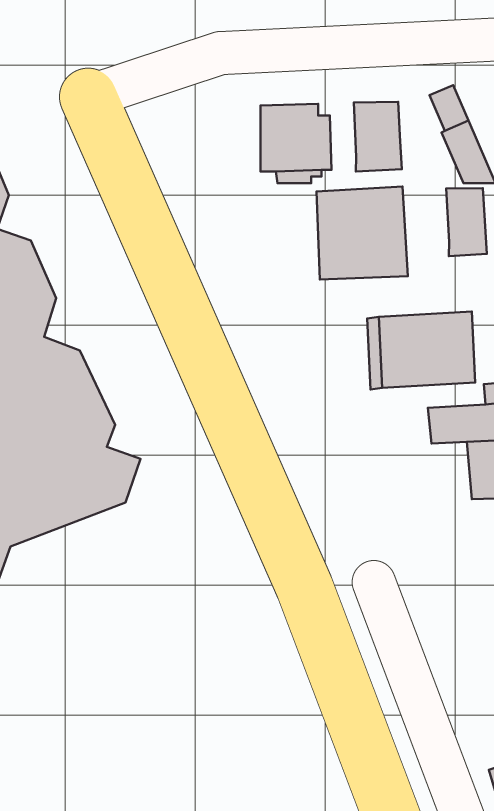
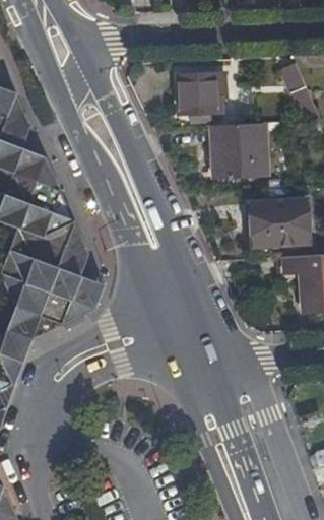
building: [354,102,402,172] -> none
building: [446,188,487,256] -> none

